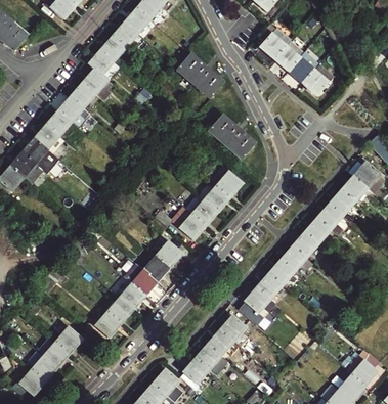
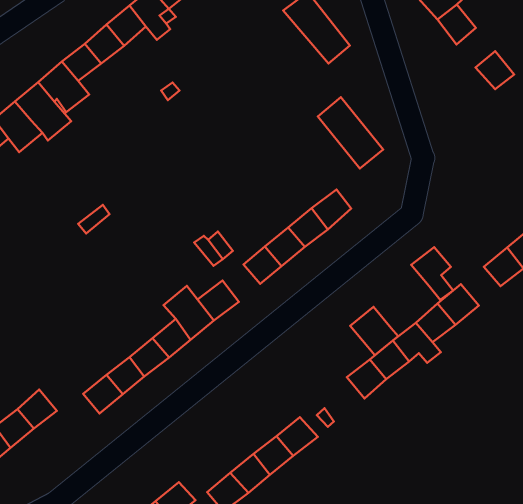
building: [288,51,317,82] -> none
building: [316,204,345,235] -> [411,247,453,300]
building: [244,286,274,316] -> [350,307,398,355]

